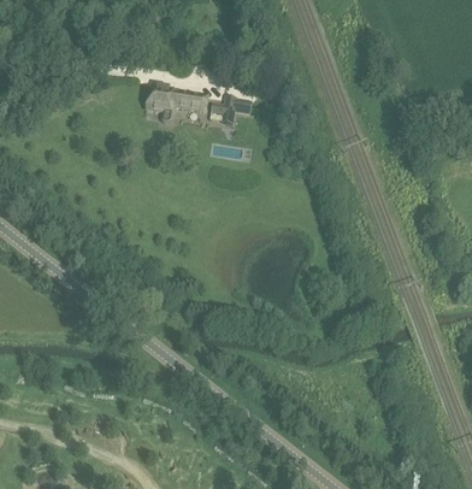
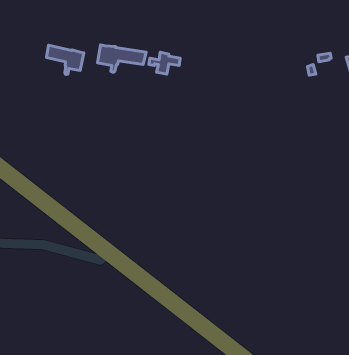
building: none -> [47,45,84,74]

